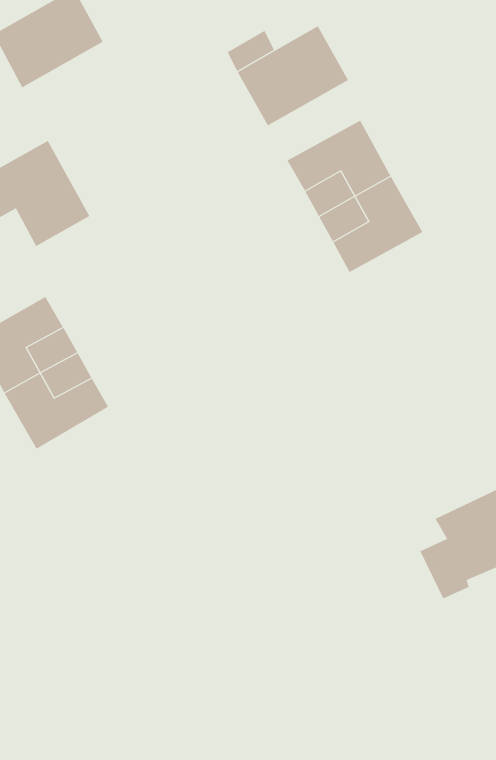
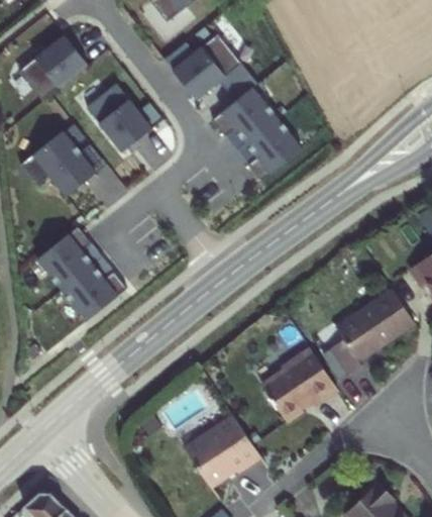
building: none -> [87,85,151,152]
building: none -> [268,343,344,416]
building: none -> [183,414,259,486]

